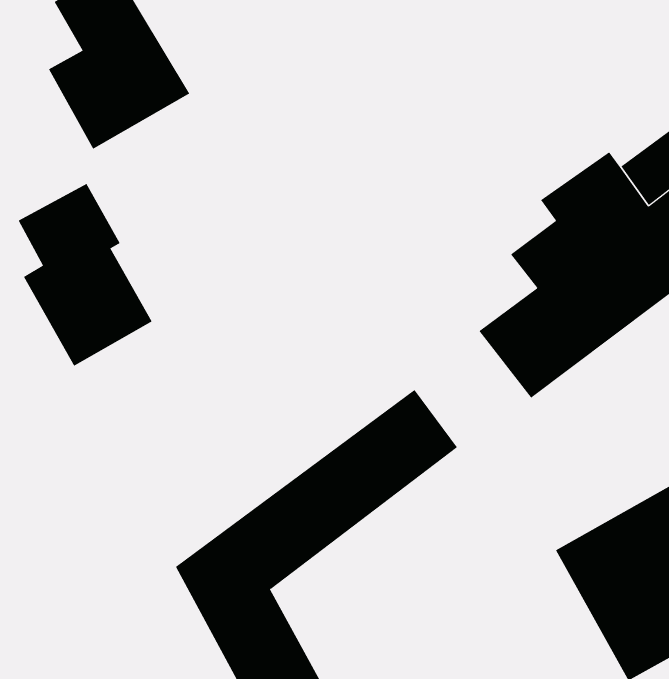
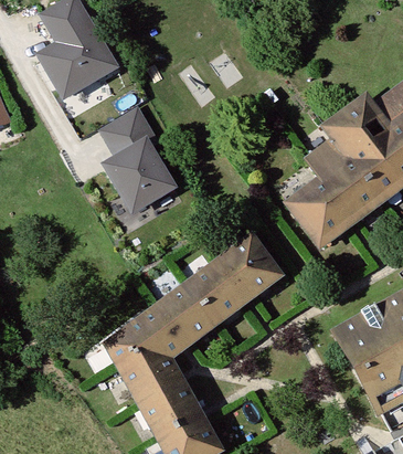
building: [18,183,152,367] -> [97,104,177,212]

